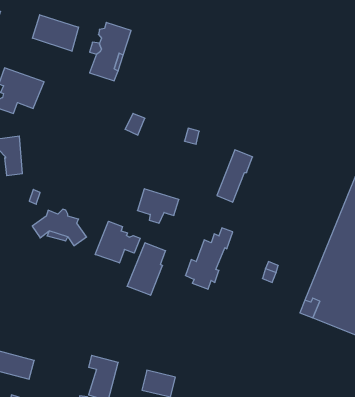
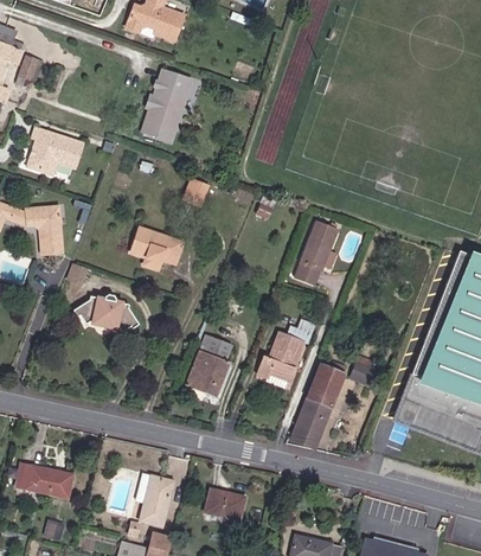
building: [32,15,79,51] -> none
building: [137,189,179,223] -> [132,229,181,270]
building: [95,221,140,263] -> none
building: none -> [290,366,341,449]

